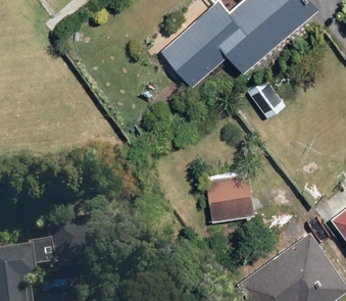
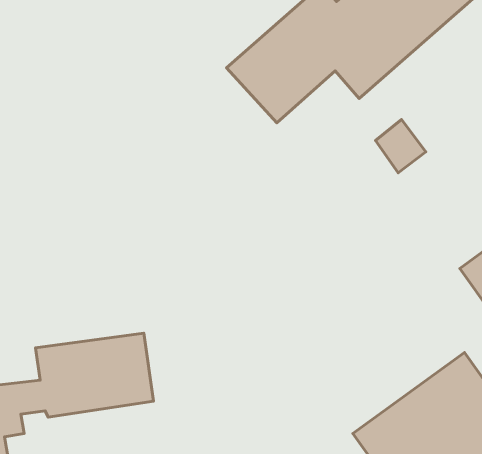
building: [205,174,252,221] -> none

